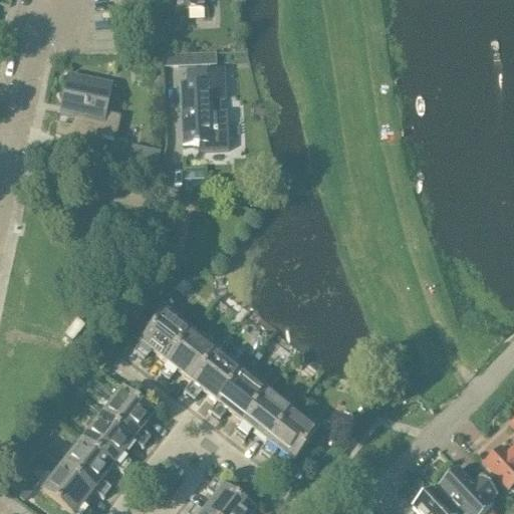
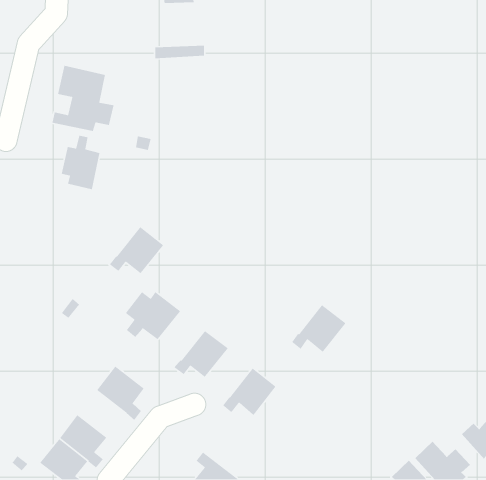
building: [181,64,229,146] -> none
building: none -> [61,135,101,190]
building: [159,327,217,378] -> [109,226,164,275]
building: [210,366,267,418] -> none
building: [260,407,318,458] -> [291,304,346,353]
building: [82,411,134,468] -> none

